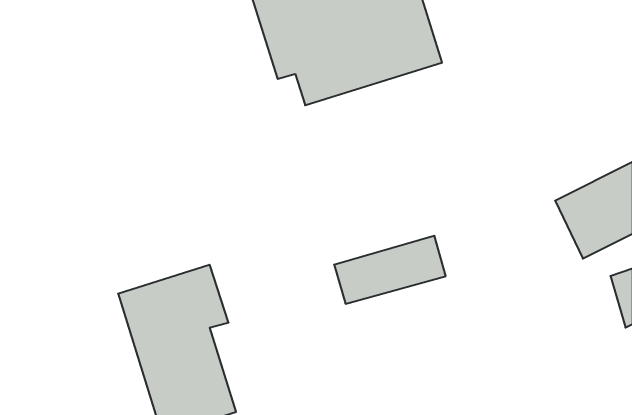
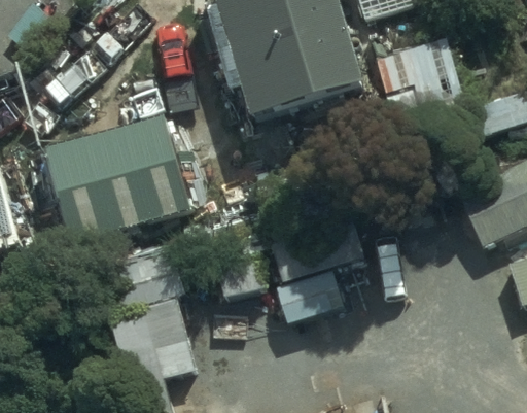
building: none -> [54,116,191,240]

